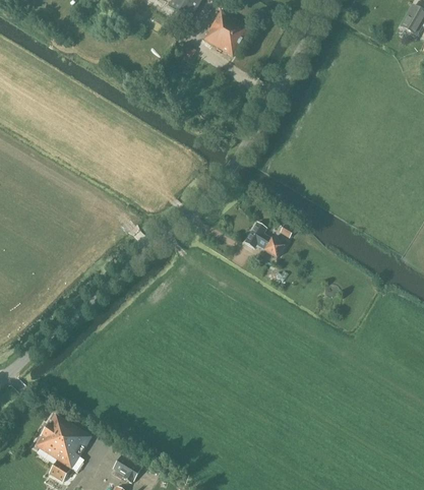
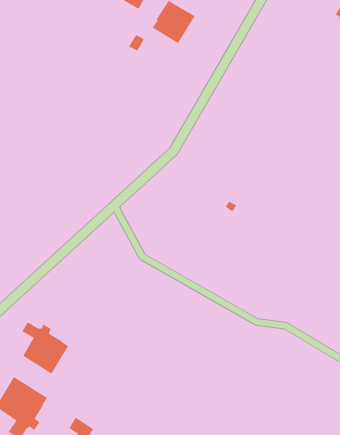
building: [245,222,285,257] -> none
building: none -> [22,321,69,374]

